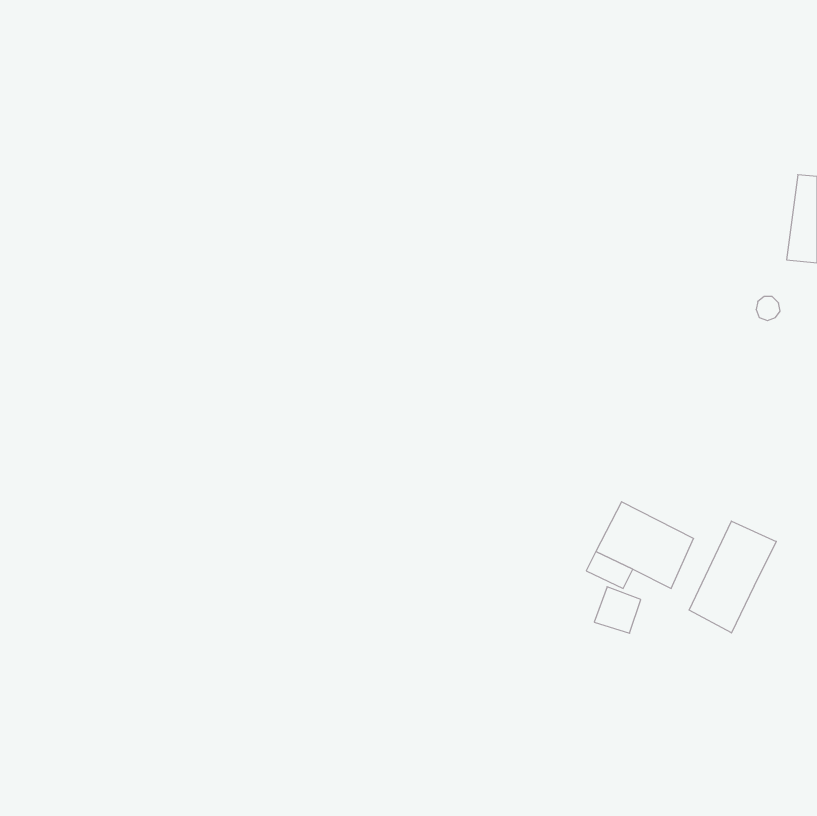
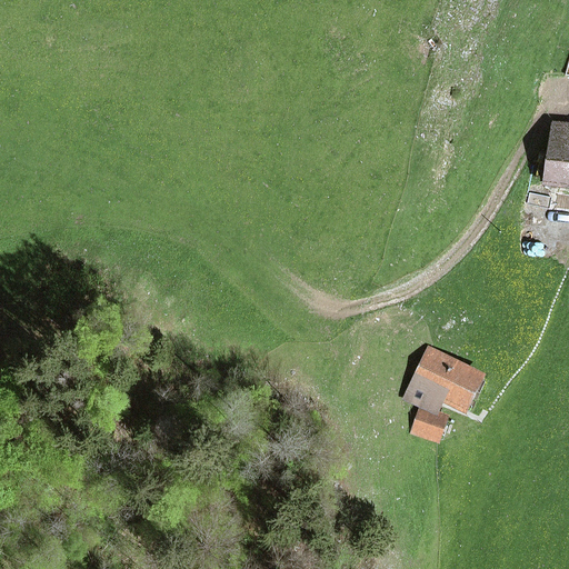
building: [689,521,776,633] -> none

